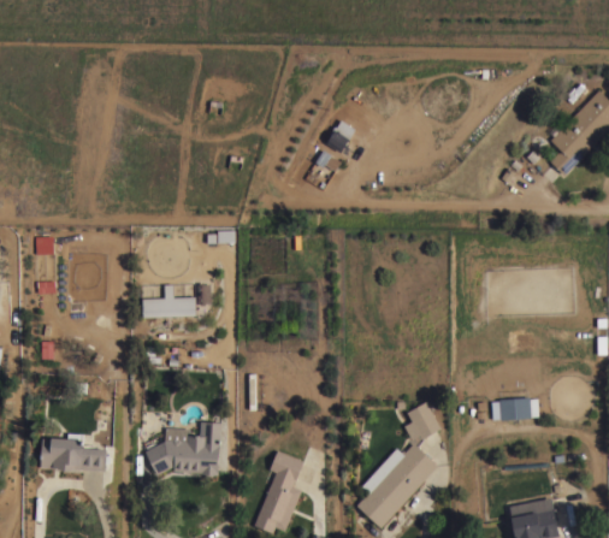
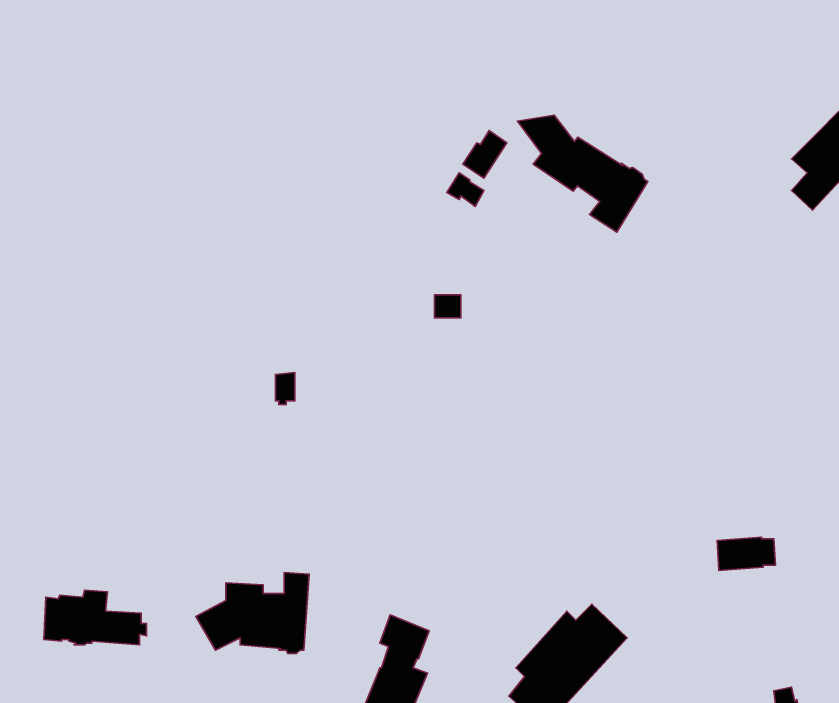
building: none -> [517,115,648,232]
building: [143,285,197,319] -> none
building: [404,401,442,441] -> none

